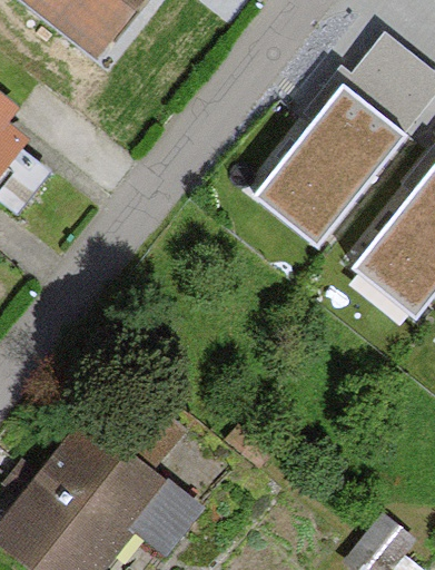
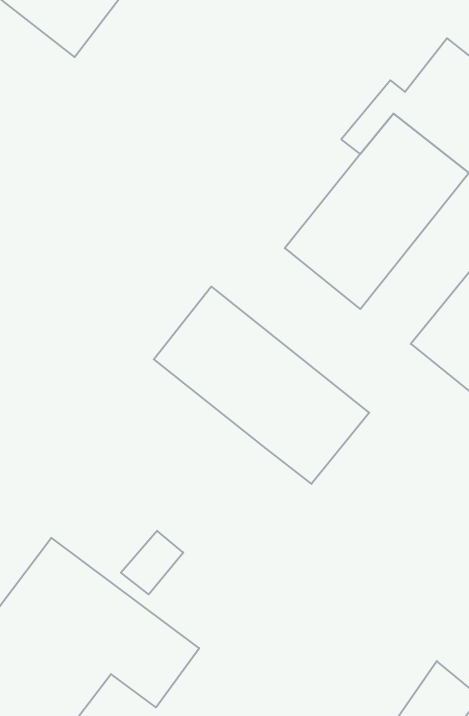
building: none -> [154,287,369,484]

